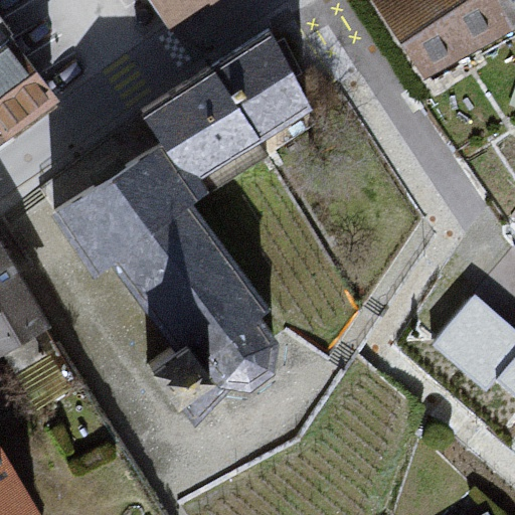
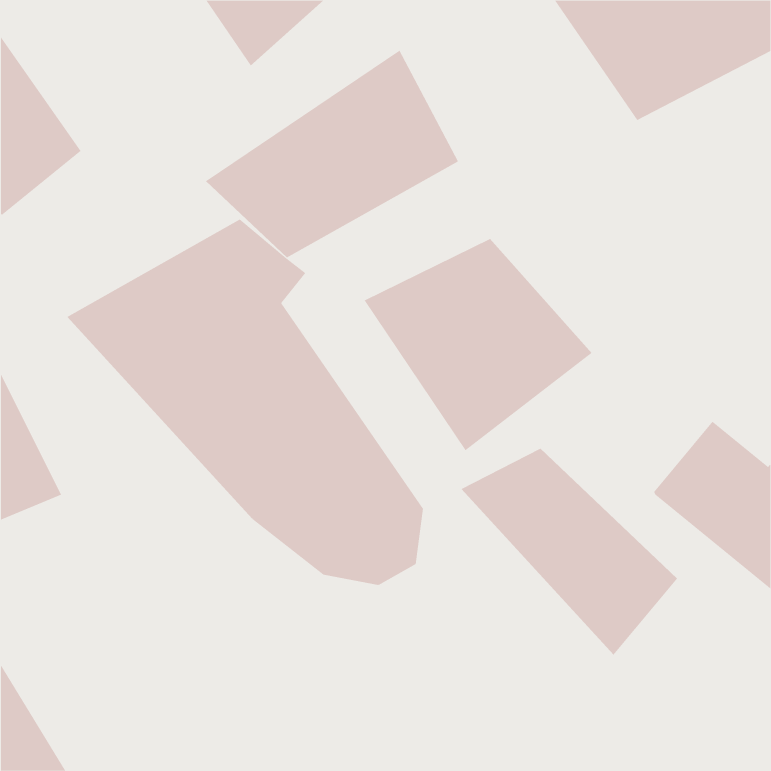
building: none -> [364,238,592,451]
building: none -> [461,448,678,655]

